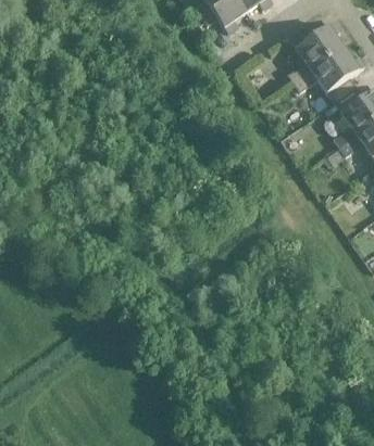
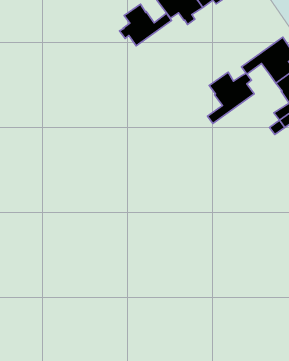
building: none -> [120,4,171,46]
building: [287,22,344,84] -> [207,72,254,124]

